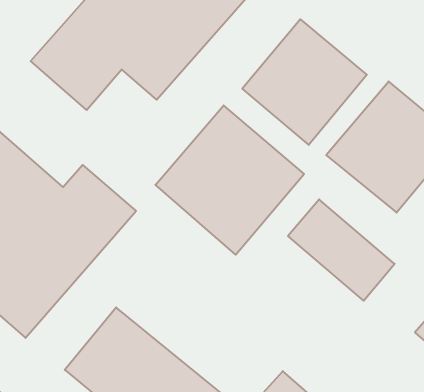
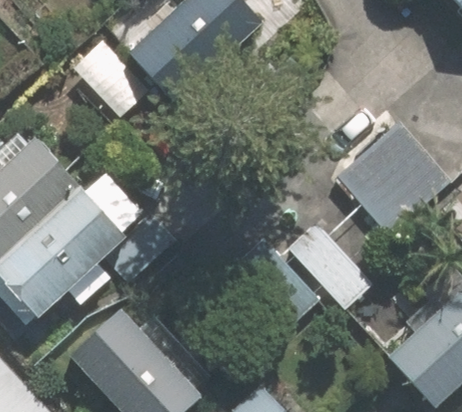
building: [242,19,367,145] -> none
building: [155,105,304,255] -> none

